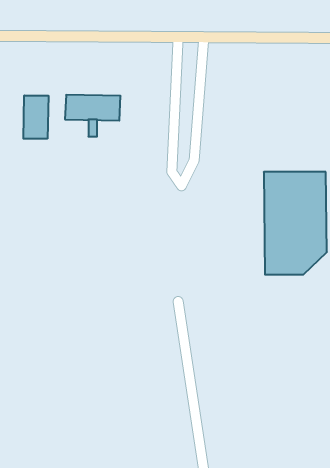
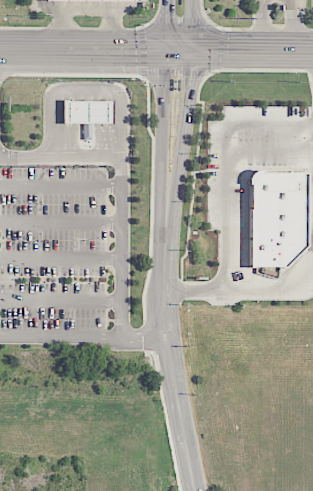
building: [23,95,48,139] -> none

